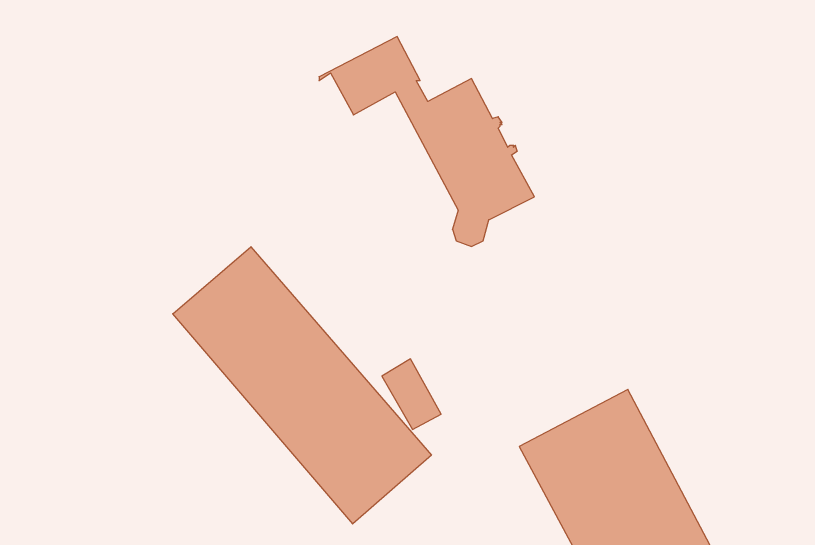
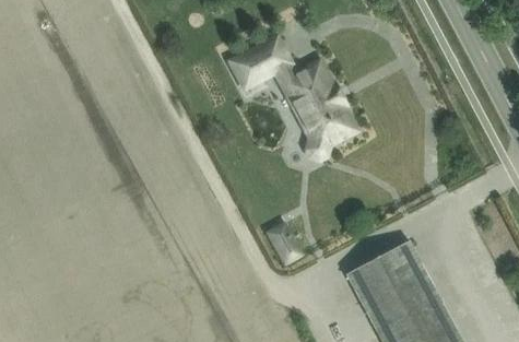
building: [173,247,431,524] -> none

